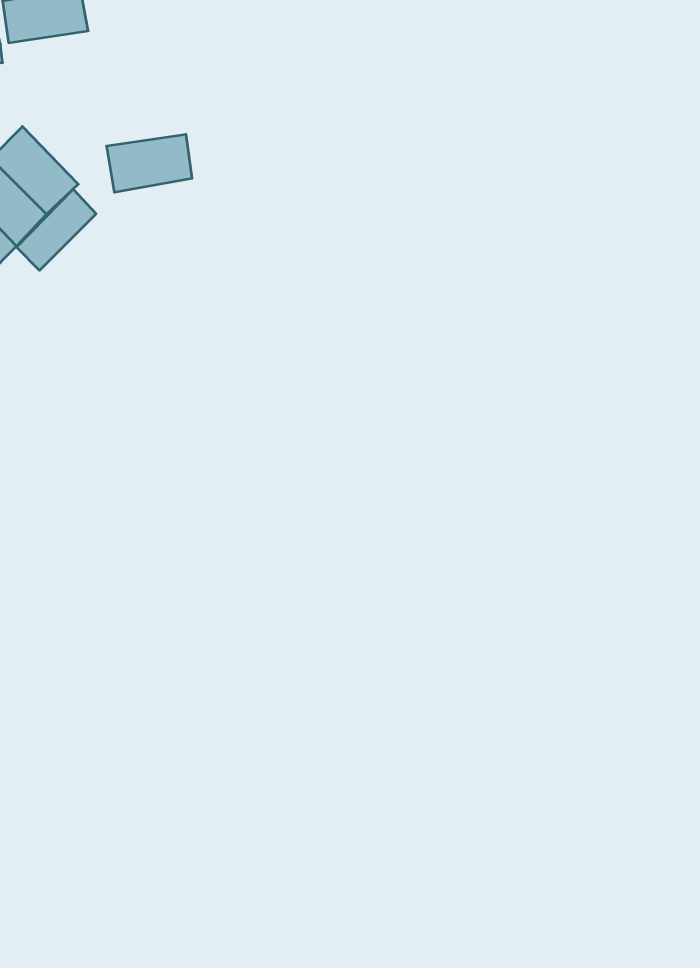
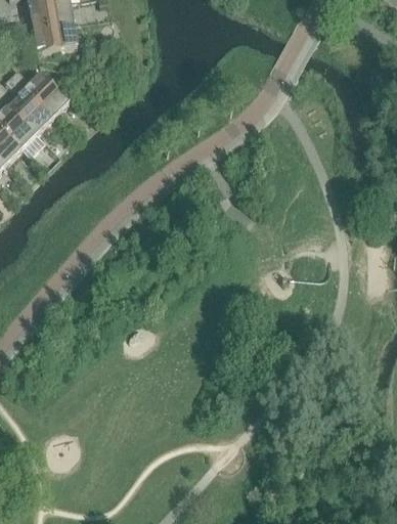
building: [106,134,192,192] -> [33,23,77,52]
building: [17,189,96,270] -> none

